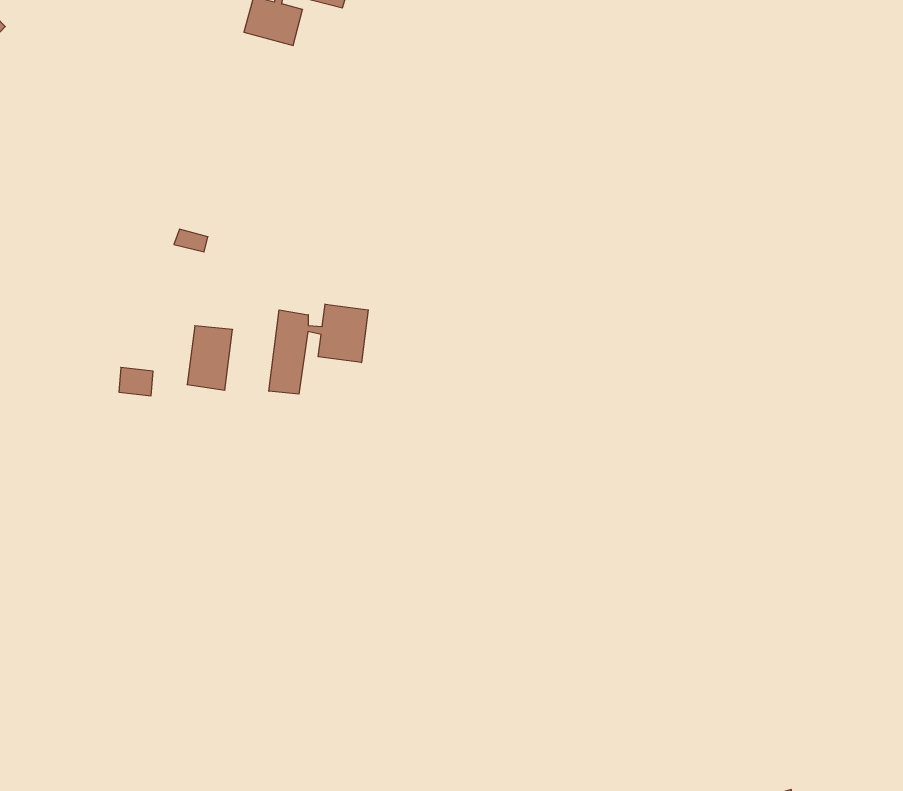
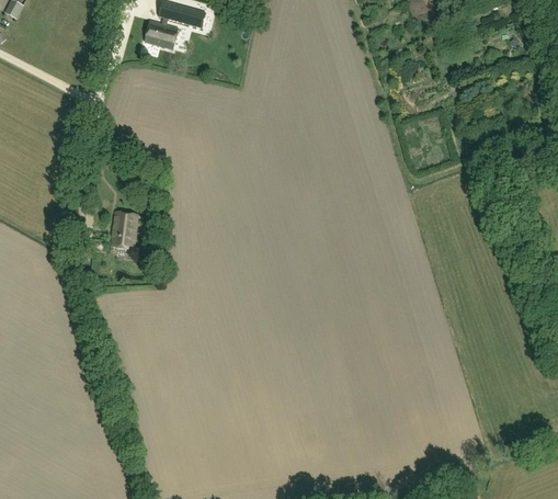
building: [269,304,368,394] -> none

